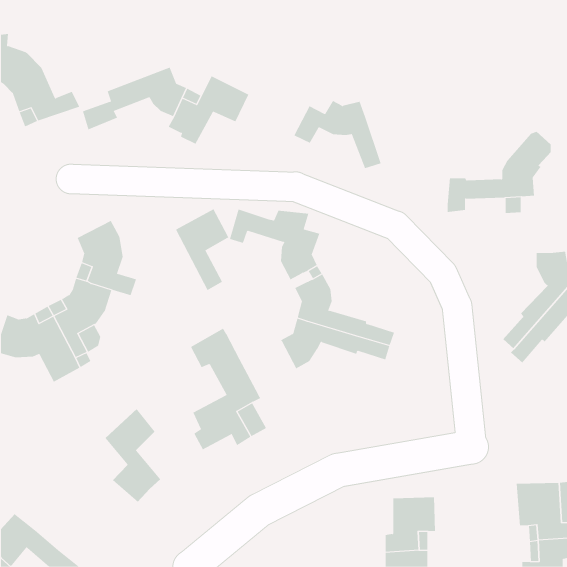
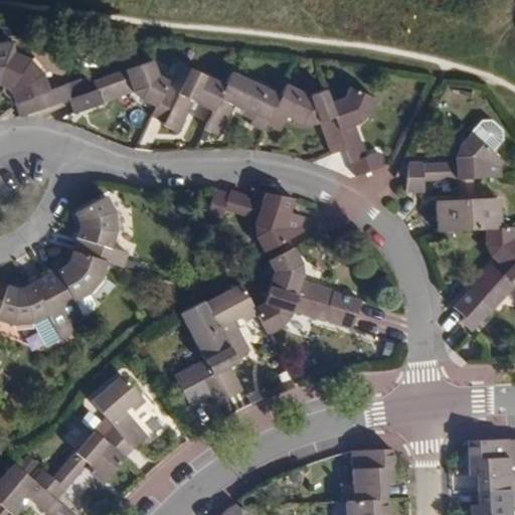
building: none -> [205,69,282,136]
building: none -> [332,91,384,176]
building: [175,208,230,291] -> [206,283,255,357]
building: none -> [437,196,501,230]
building: none -> [33,427,126,498]

